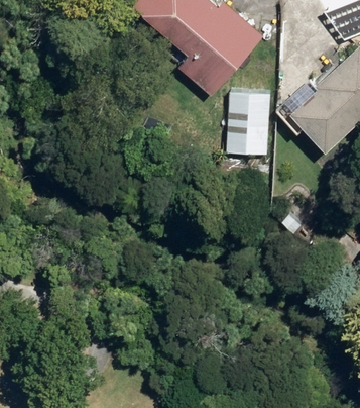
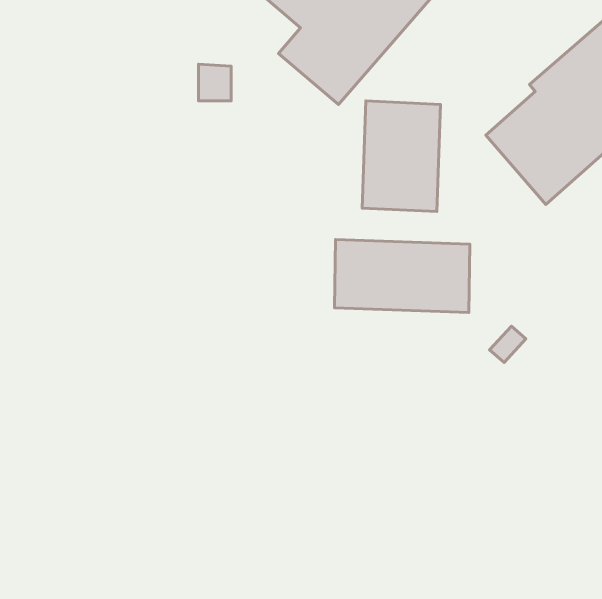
building: none -> [334,240,470,312]

